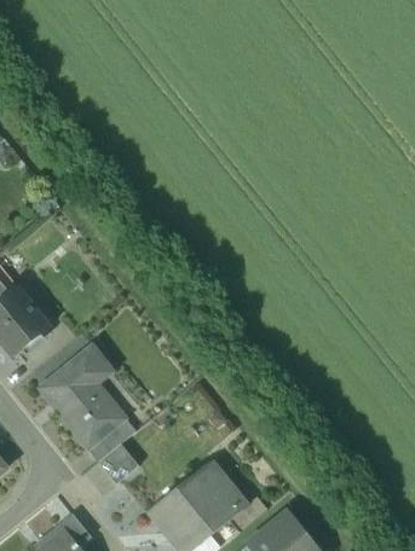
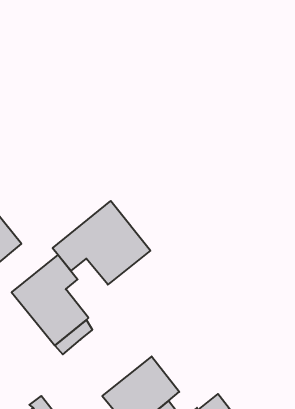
building: none -> [53,201,150,285]
building: [99,445,138,483] -> none

